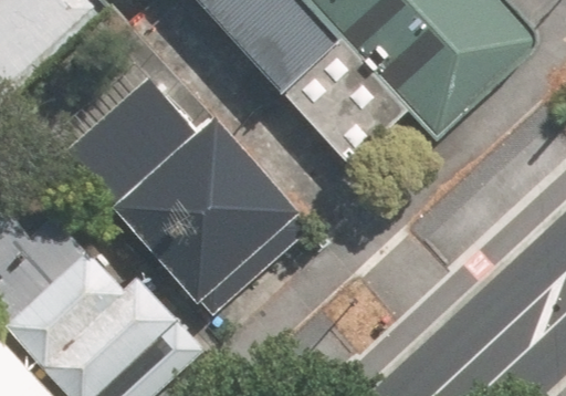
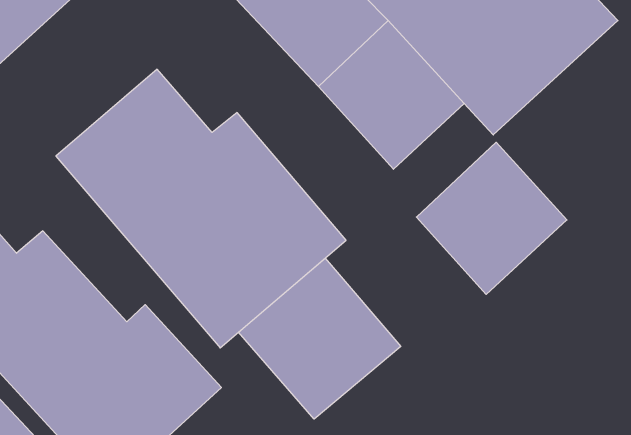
building: none -> [416,142,567,294]
building: none -> [238,258,401,419]

